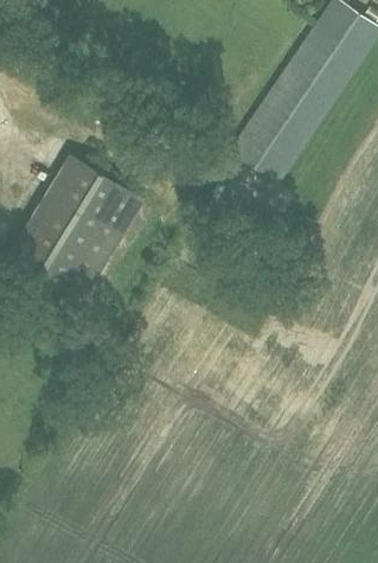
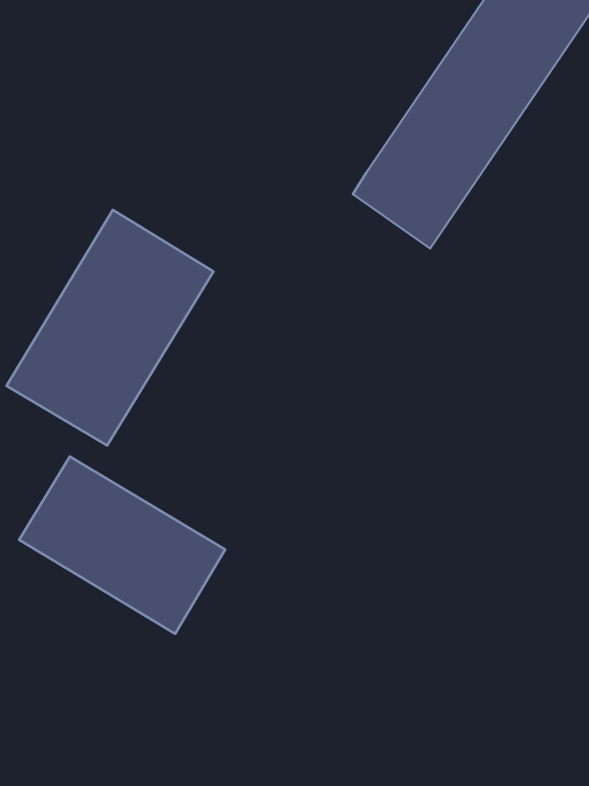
building: none -> [19,457,225,634]

